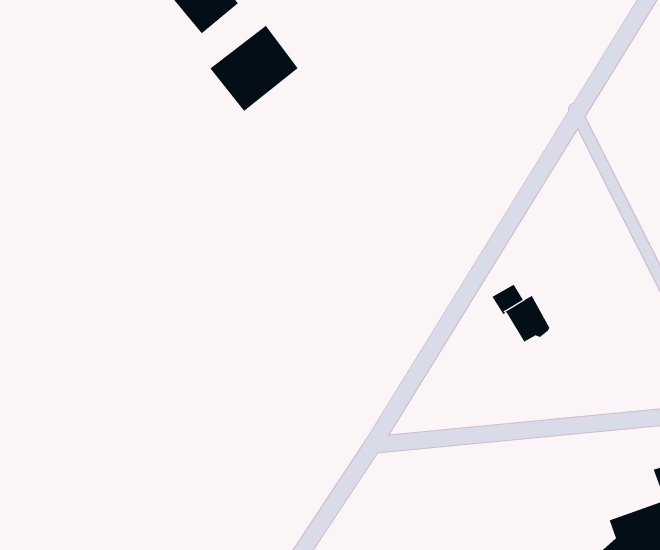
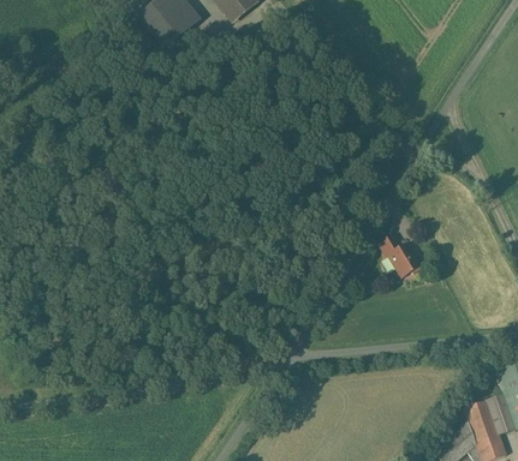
building: [209,25,299,112] -> none

